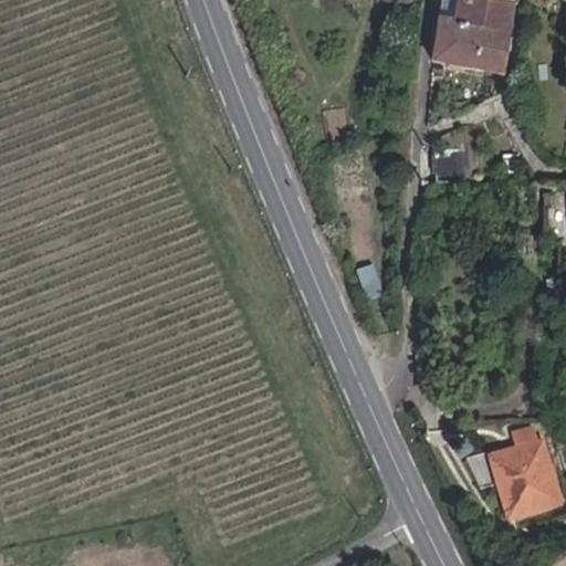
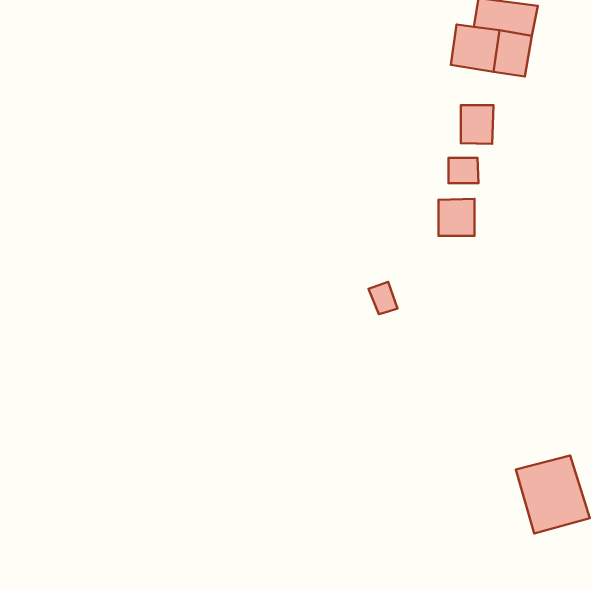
building: none -> [461,105,493,144]
building: none -> [438,199,474,236]

